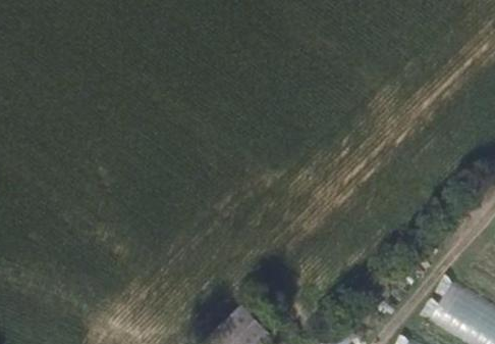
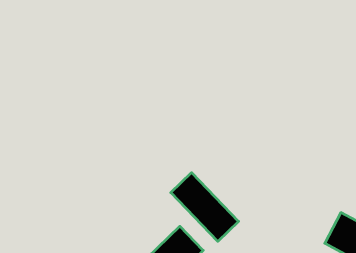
building: none -> [171,173,239,241]

